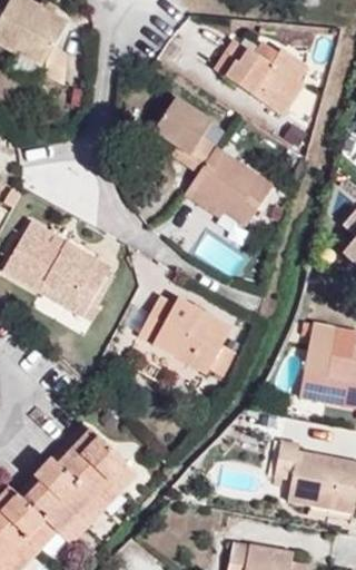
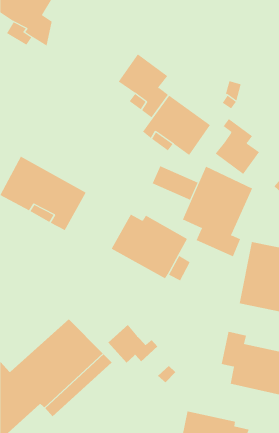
building: [210,35,304,115] -> none
building: none -> [215,118,260,175]
building: none -> [182,166,253,257]
building: none -> [107,324,158,363]

